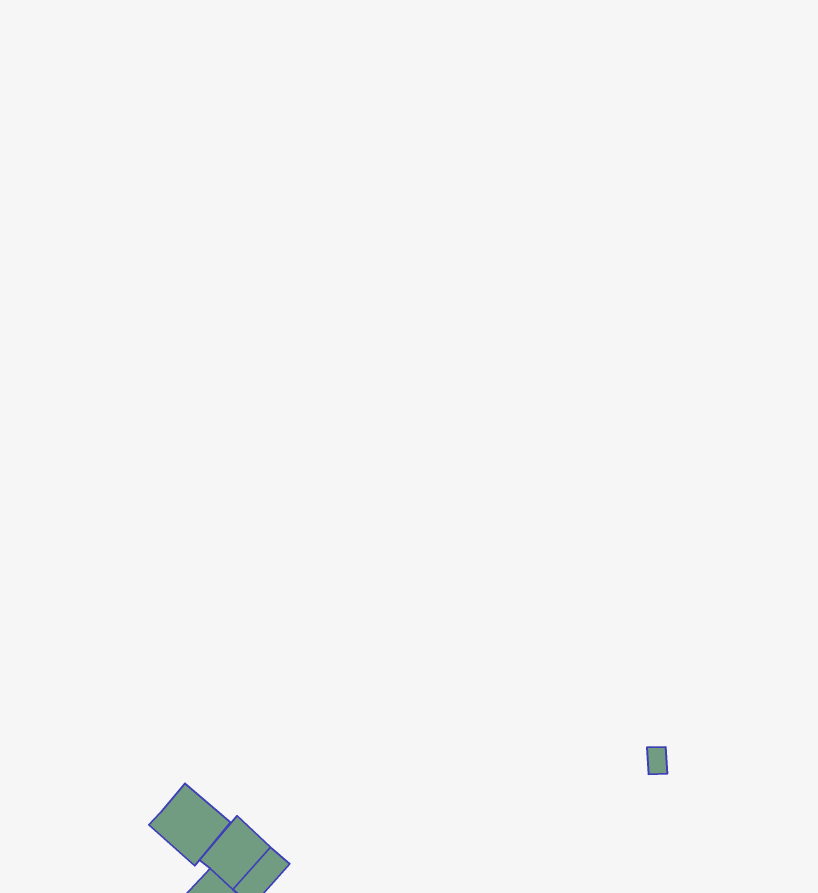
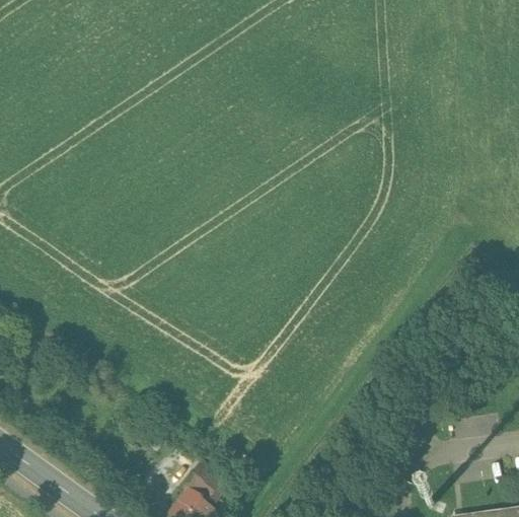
building: [149,783,230,866] -> none

